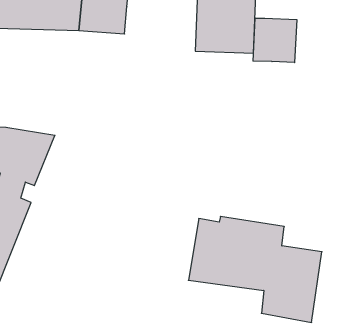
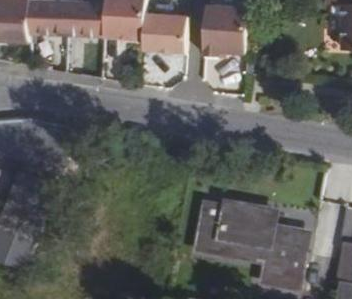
building: none -> [140,15,185,54]
building: [253,18,297,63] -> none

